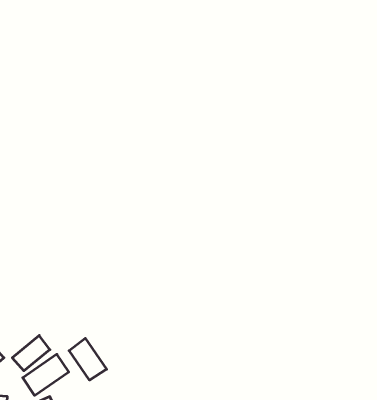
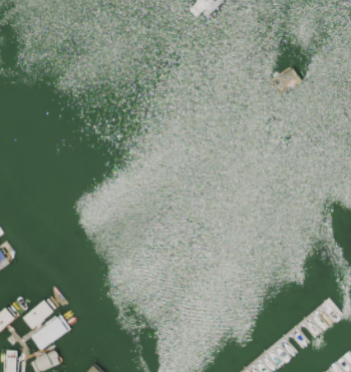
building: [69,338,107,380] -> none

